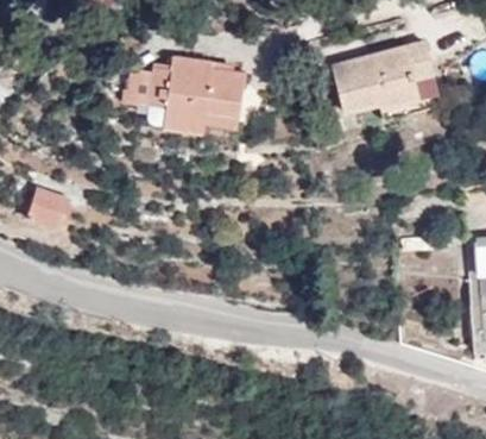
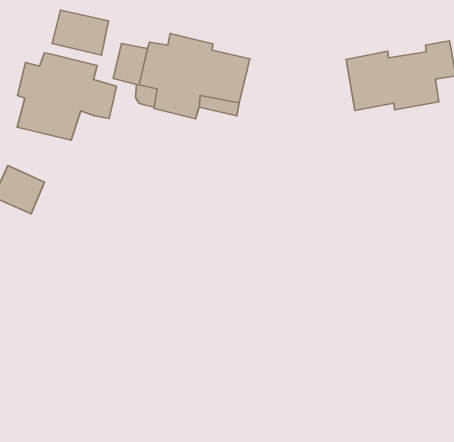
building: none -> [52,10,108,55]
building: none -> [17,53,117,140]

